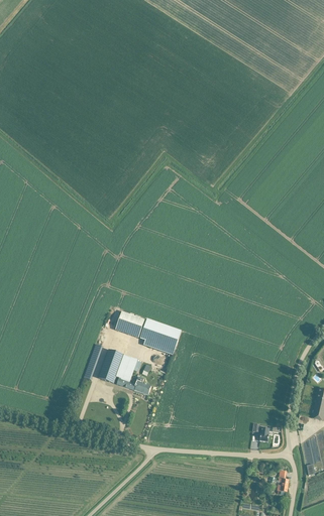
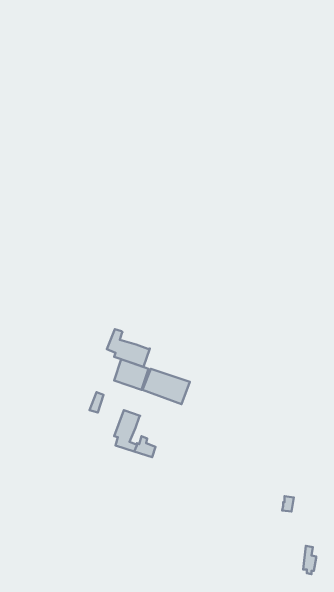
building: none -> [107,329,150,367]
building: [99,348,124,382] -> none

